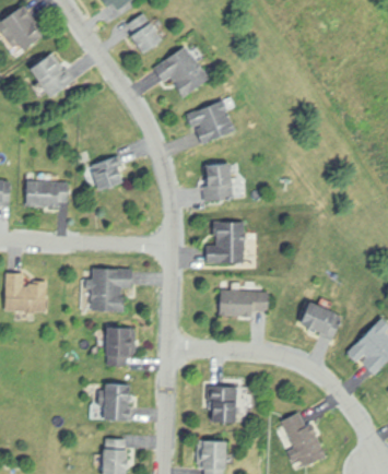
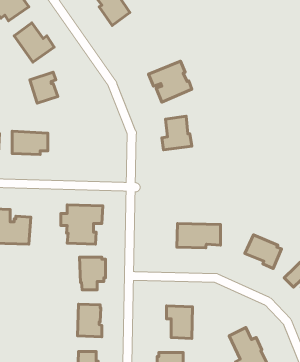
building: [152,44,210,96] -> none
building: [90,155,122,191] -> [30,72,58,103]
building: [205,222,247,264] -> none

